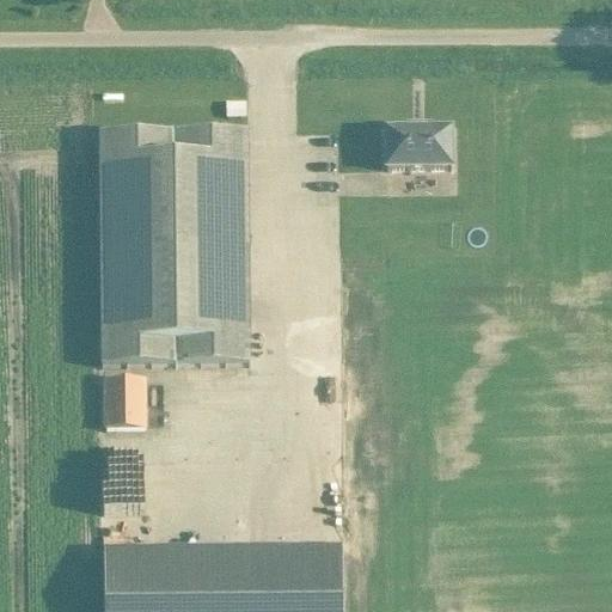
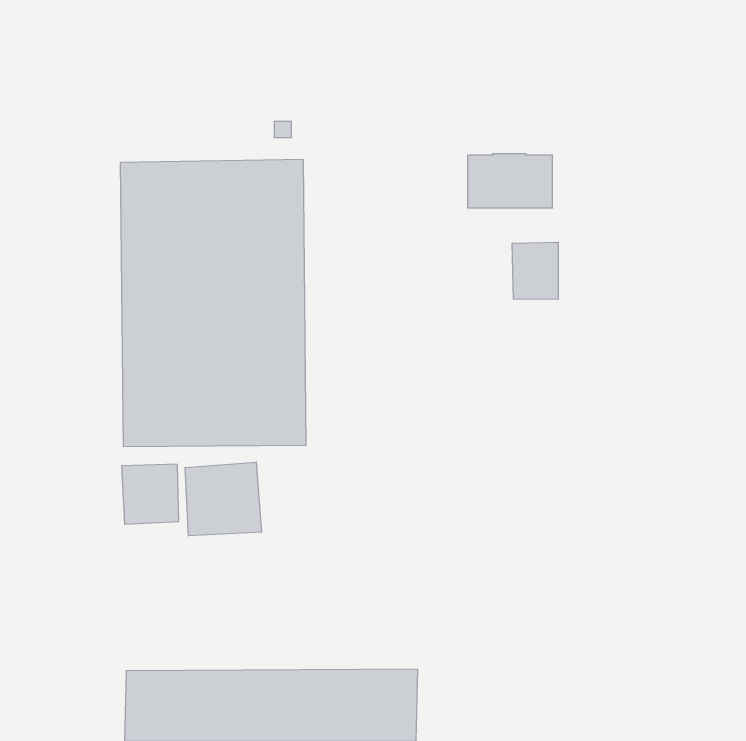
building: none -> [512,242,558,299]
building: none -> [185,462,261,536]

